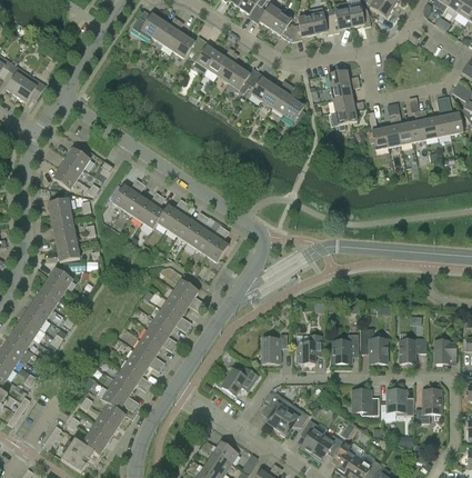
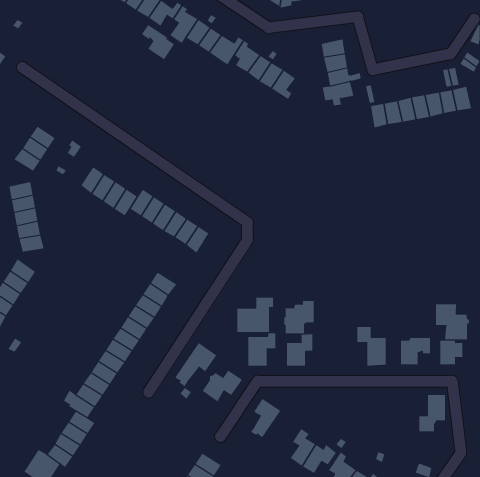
building: none -> [141,24,175,60]
building: none -> [237,297,274,333]
building: none -> [436,303,470,340]
building: [331,332,359,362] -> [284,300,315,334]
building: none -> [175,342,217,387]
building: [352,388,379,414] -> none
building: [386,388,413,414] -> none
building: [275,402,309,435] -> none

